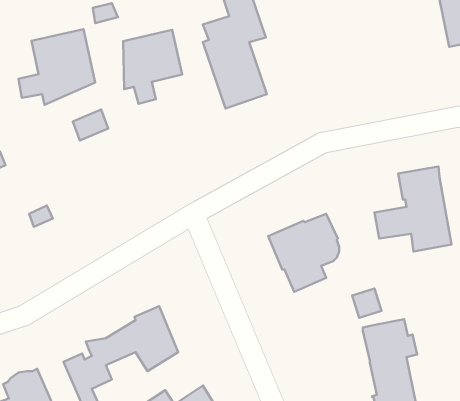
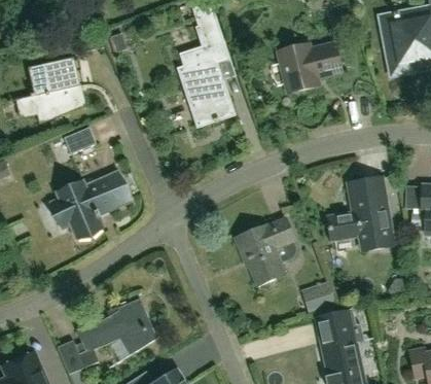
building: none -> [278,41,342,94]
building: [123,30,182,104] -> none
building: none -> [53,175,128,237]

